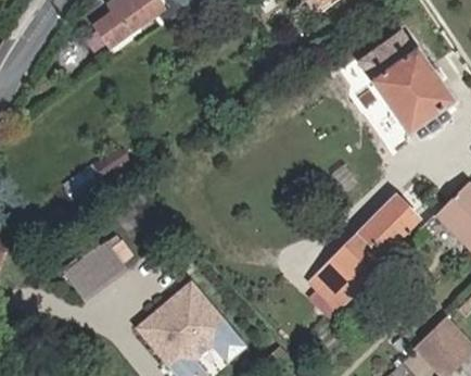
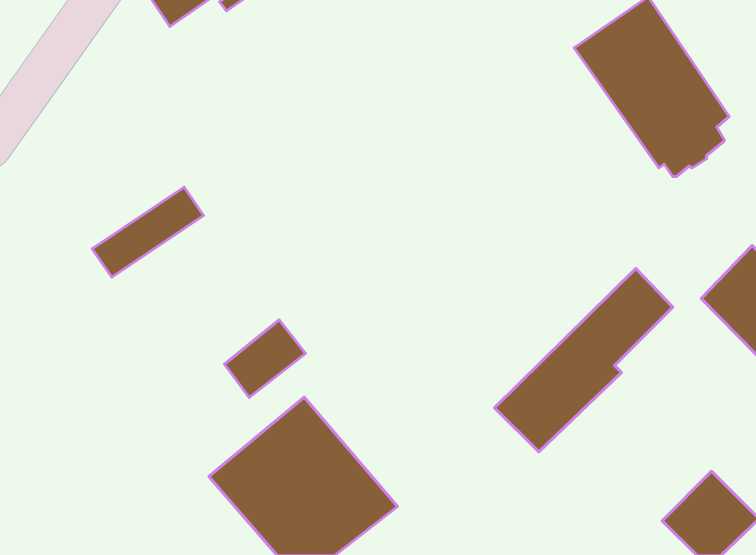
building: [64,241,114,289] -> [224,320,306,398]

